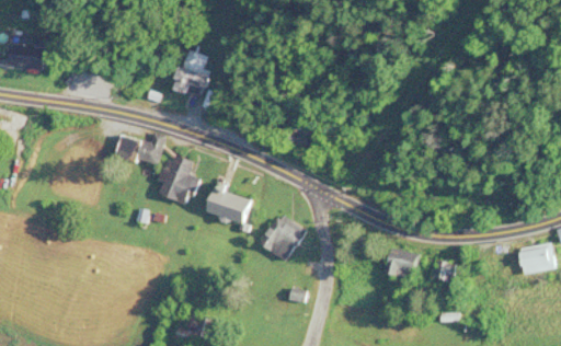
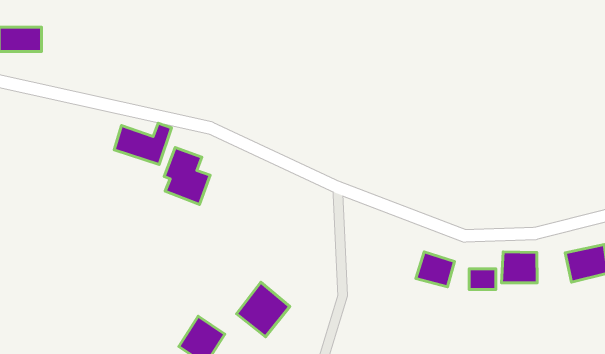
building: [172,48,210,97] -> none
building: [205,180,254,226] -> none
building: [256,212,305,262] -> [236,282,290,337]
building: none -> [501,252,537,283]

